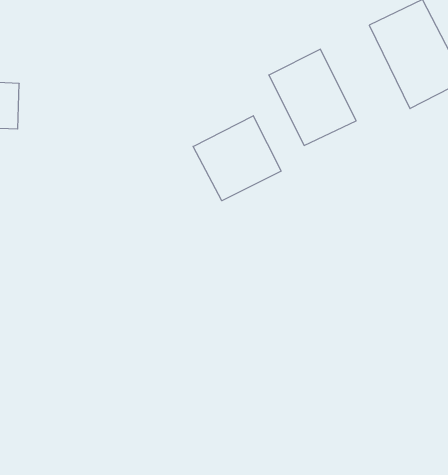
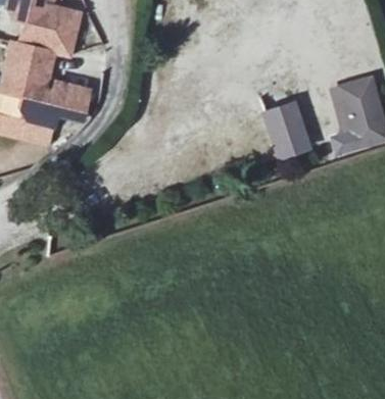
building: [193,116,281,201] -> none

